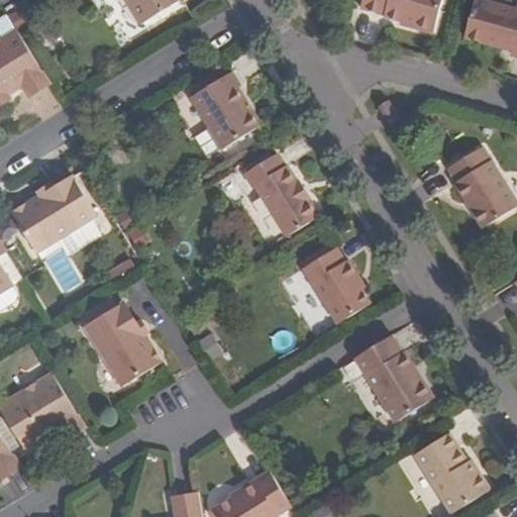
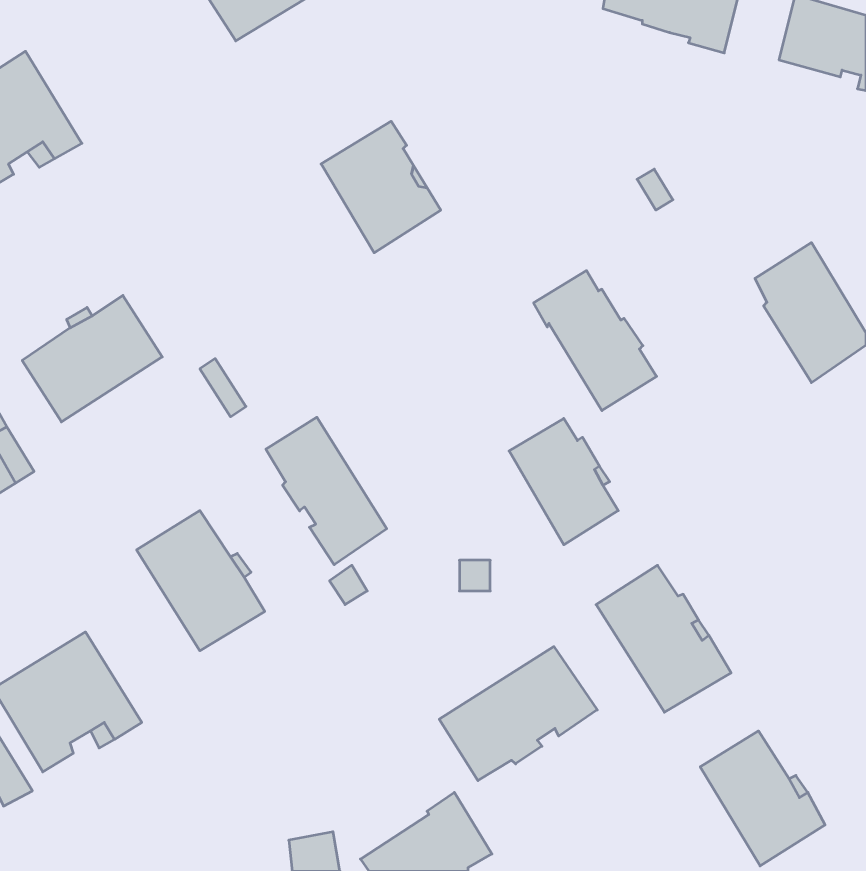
building: [243,152,316,235] -> [534,271,657,411]
building: none -> [266,417,387,565]
building: none -> [439,647,597,781]

